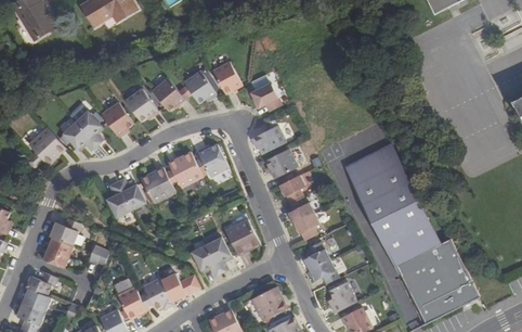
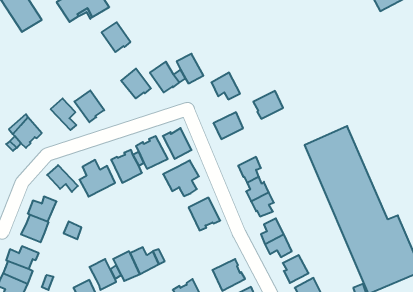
building: [126,88,157,120] -> [102,22,130,52]
building: [63,122,96,151] -> [47,165,78,192]
building: [264,148,297,178] -> [253,91,283,119]
building: [191,237,230,276] -> [163,160,199,196]

